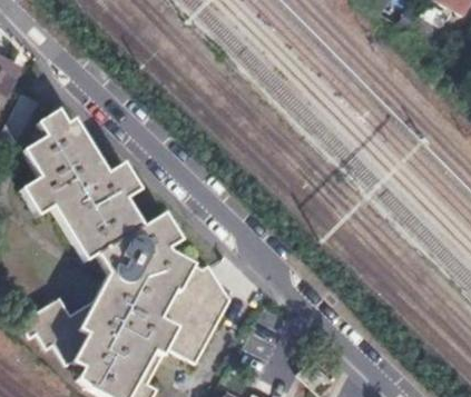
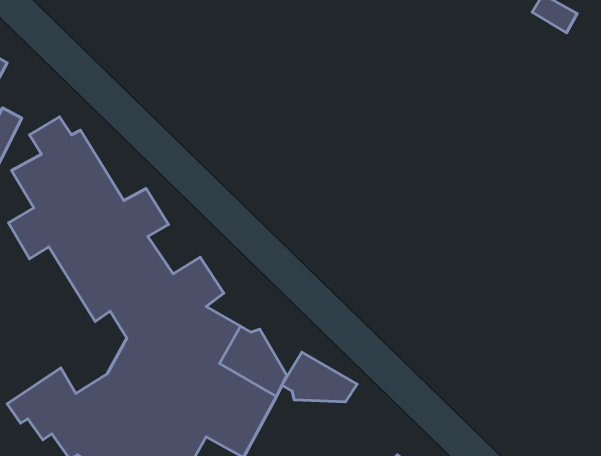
building: none -> [282,352,357,402]

